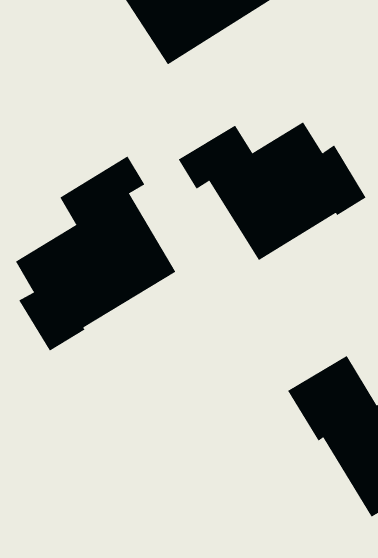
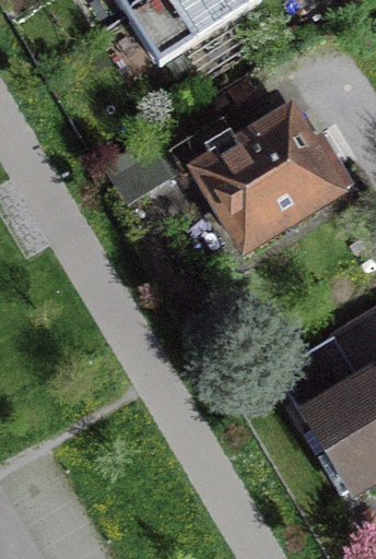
building: [15,155,176,352] -> none

